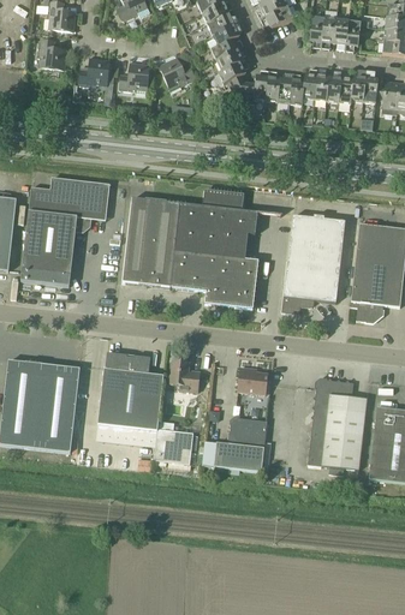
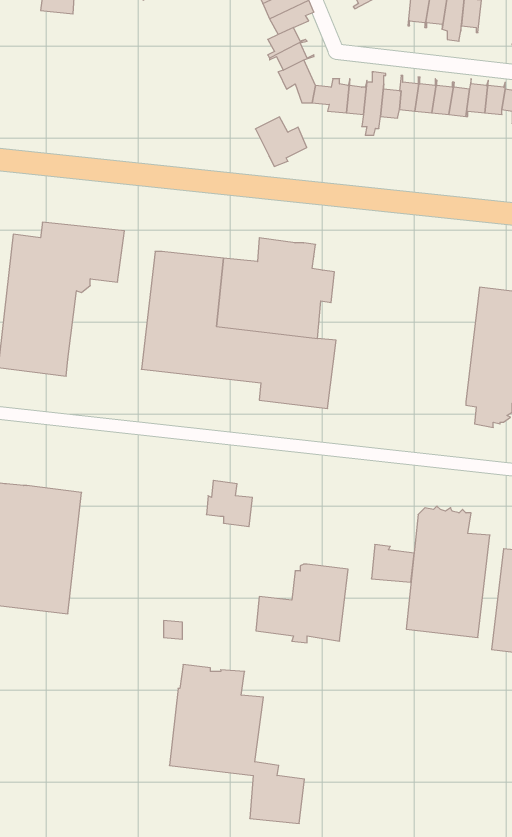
building: [37,38,66,68] -> none
building: [159,56,195,91] -> [255,117,307,166]
building: [79,58,115,85] -> none
building: [119,61,149,91] -> none
building: [281,214,345,312] -> none
building: [97,351,192,462] -> [169,665,304,823]
building: [237,366,267,393] -> [371,545,414,582]

